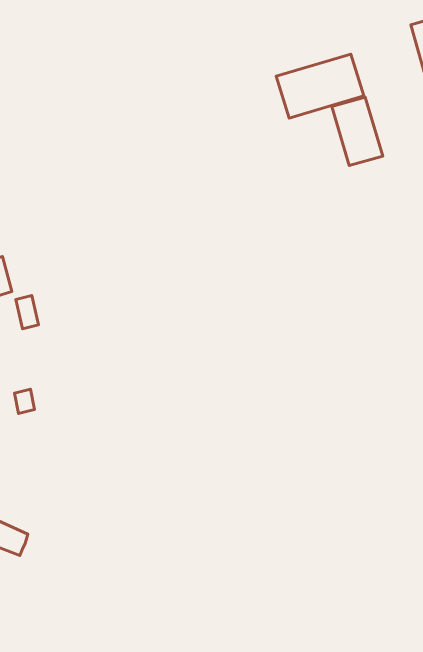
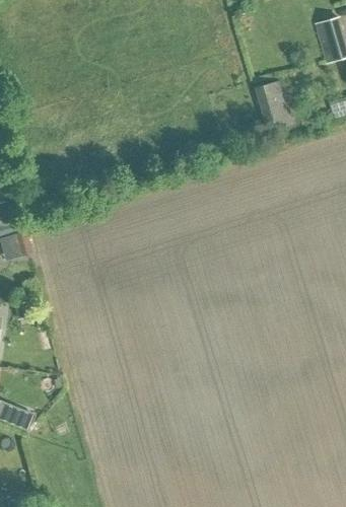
building: [276,54,364,118] -> none

